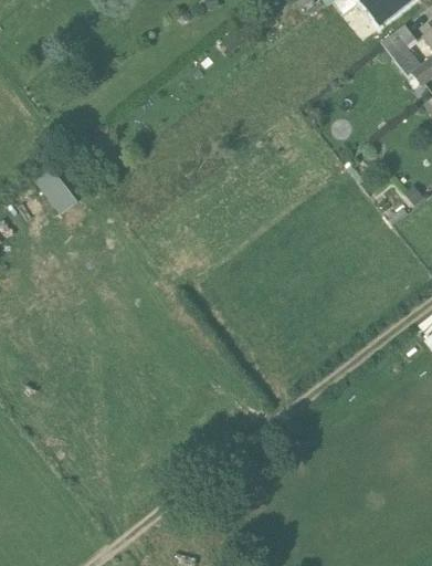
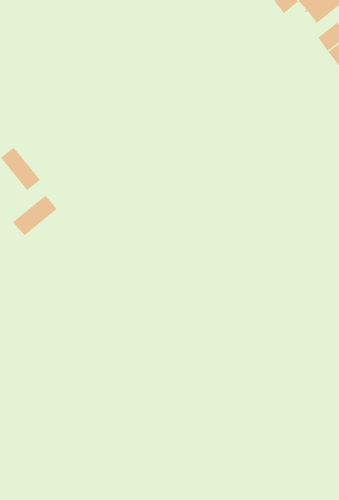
building: none -> [12,195,58,236]

